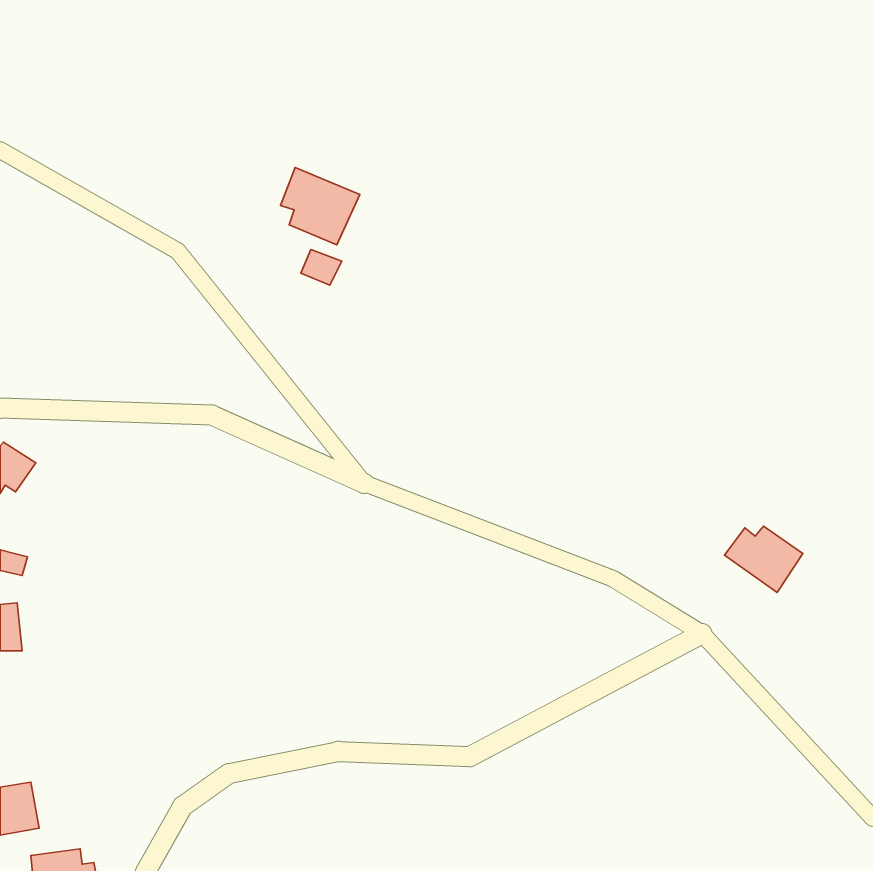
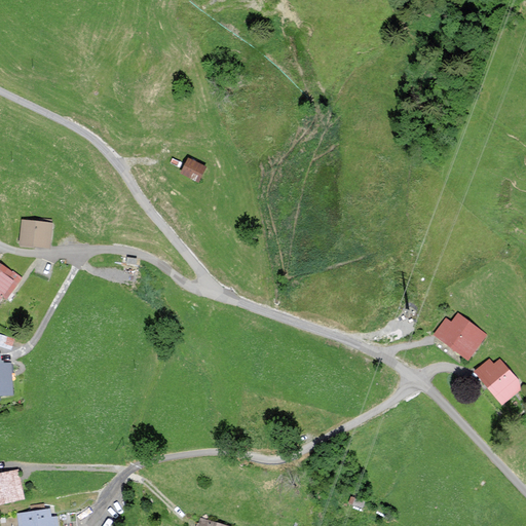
building: [280,168,360,245] -> none
building: none -> [18,221,52,247]
building: none -> [477,361,521,402]

